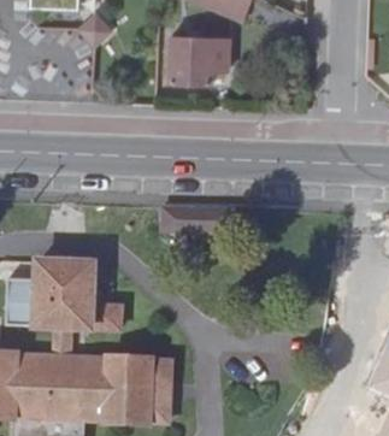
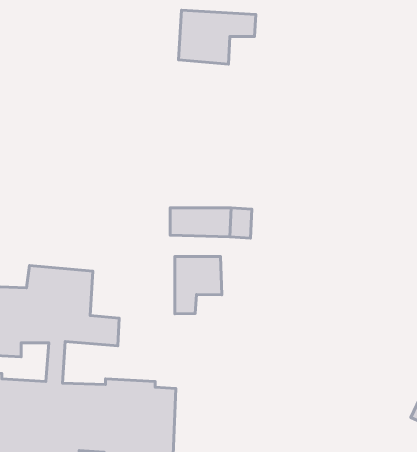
building: none -> [175,256,222,314]

